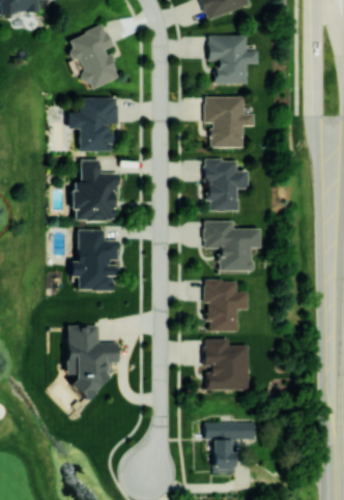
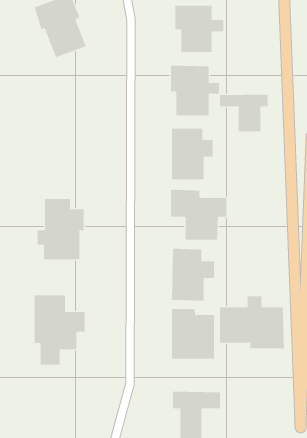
building: [68,97,118,152] -> none
building: none -> [220,94,268,132]
building: [73,160,117,222] -> none
building: none -> [219,295,284,349]

